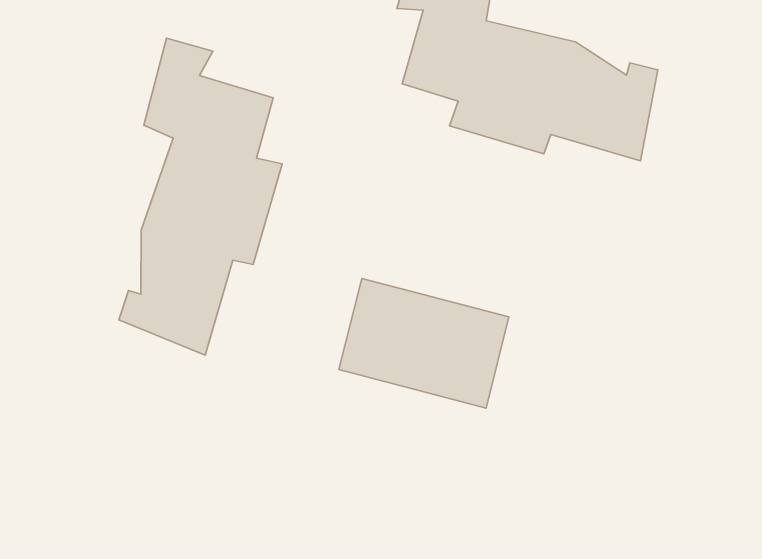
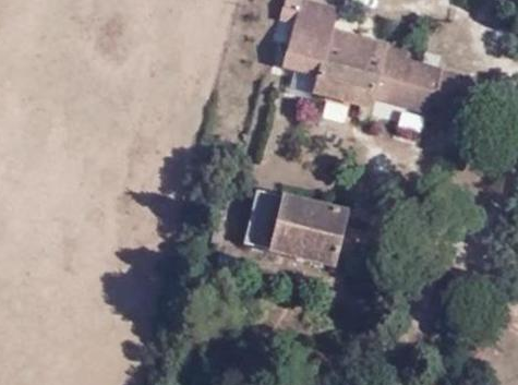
building: [119,38,282,355] -> none

